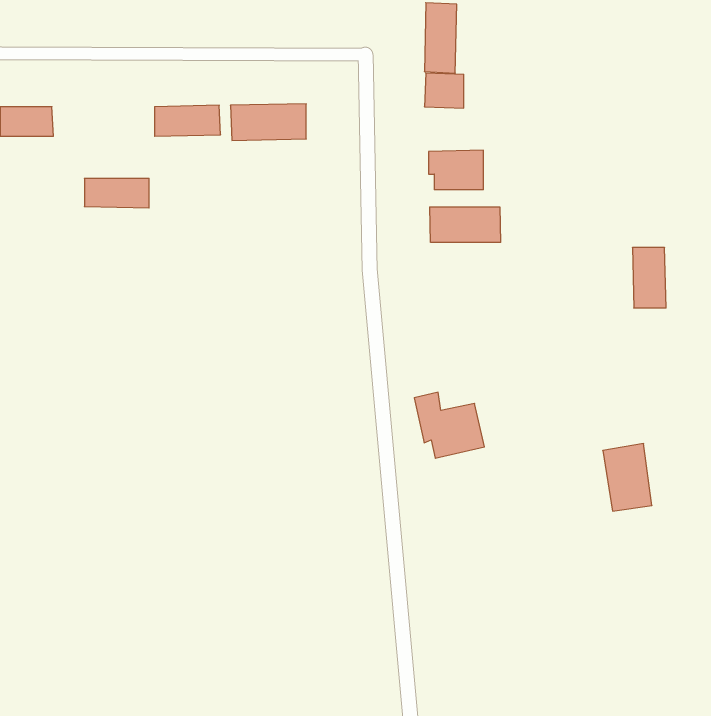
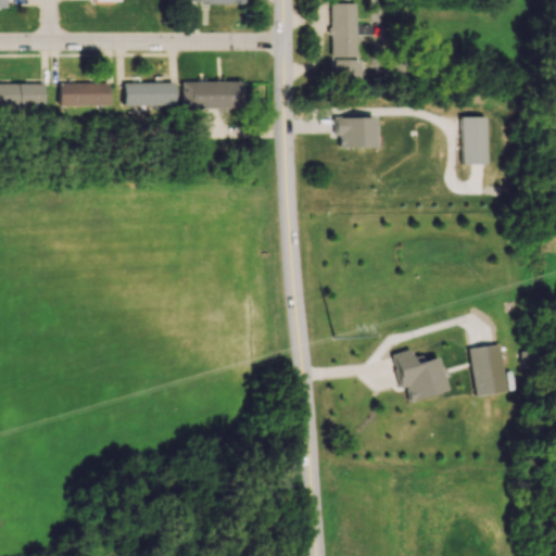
building: [84,178,149,208] -> [61,84,111,106]
building: [430,207,501,242] -> none
building: [632,248,666,308] -> [464,117,490,164]
building: [414,392,484,458] -> [394,350,448,401]

